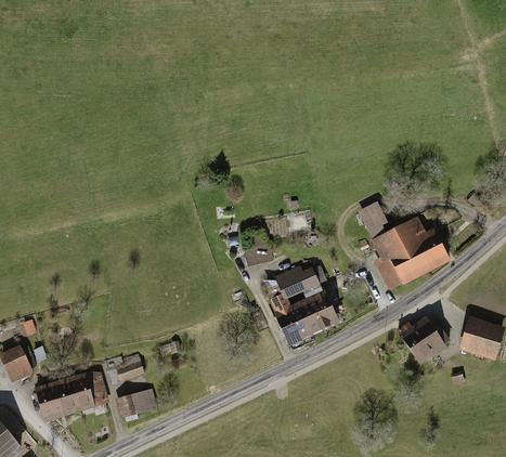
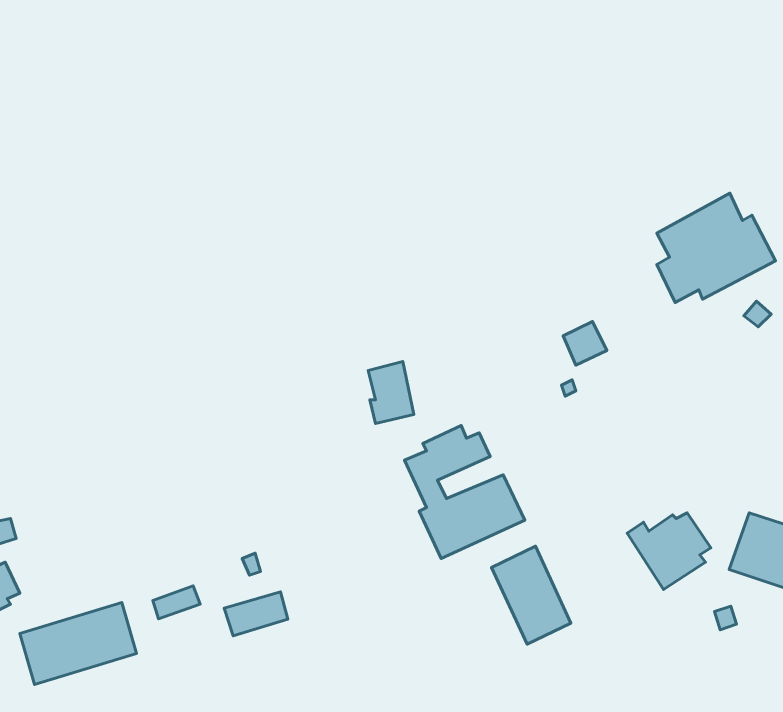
building: [376,220,446,285] -> [657,193,775,303]
building: none -> [492,546,571,644]
building: [117,390,155,416] -> [224,592,288,636]

